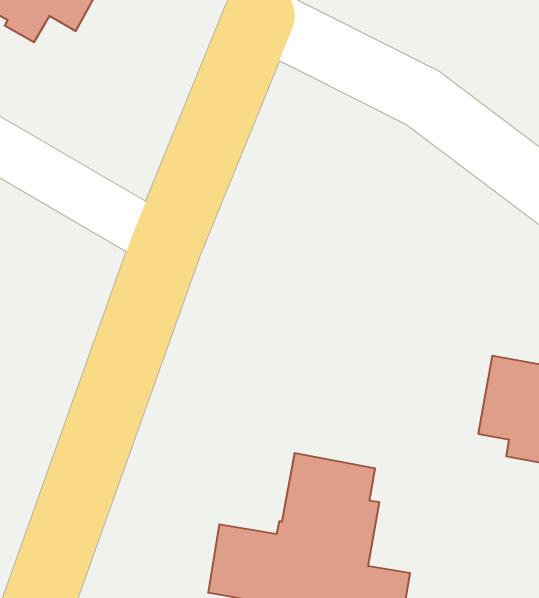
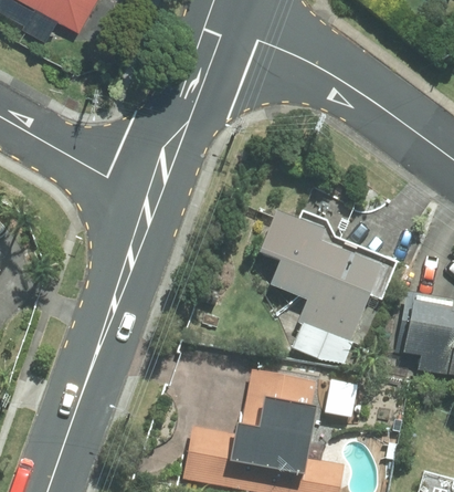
building: none -> [261,209,383,344]

